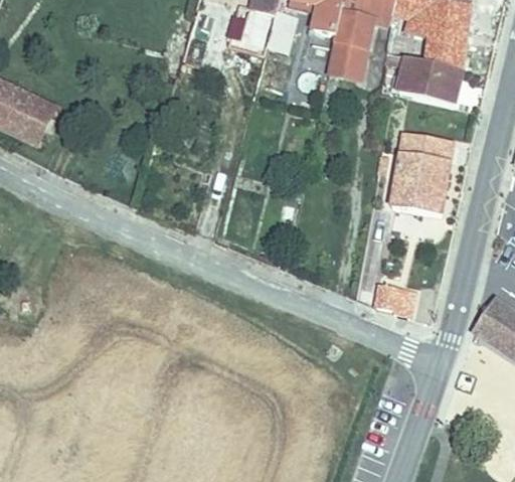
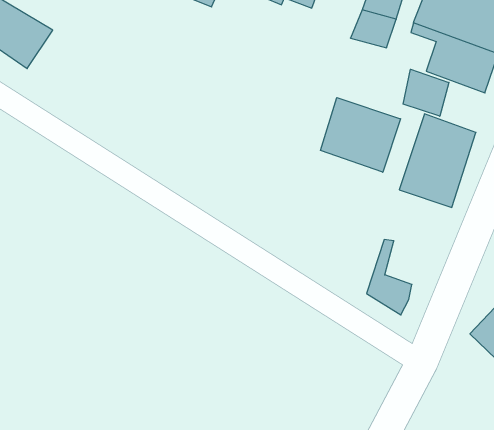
building: none -> [403,69,449,116]
building: none -> [320,98,401,172]

